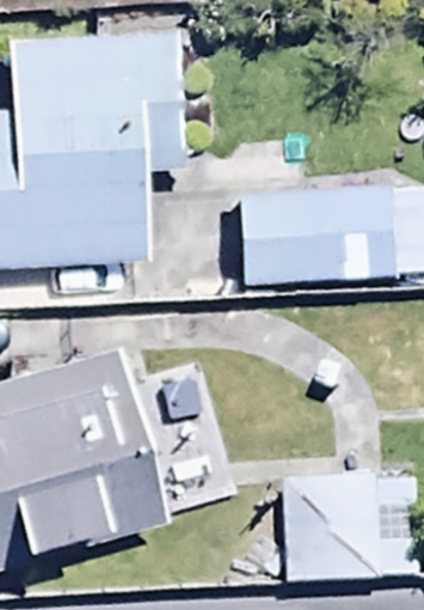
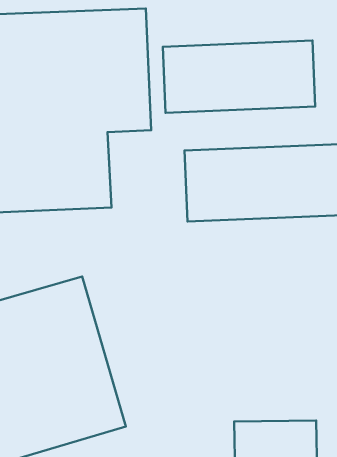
building: none -> [163,41,315,113]

